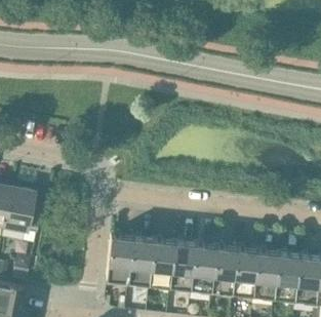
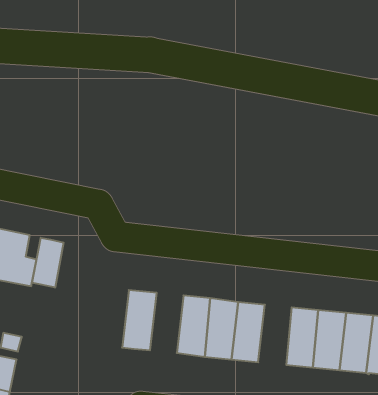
building: none -> [32,238,64,288]
building: [126,235,152,281] -> none
building: [209,244,235,290] -> none

